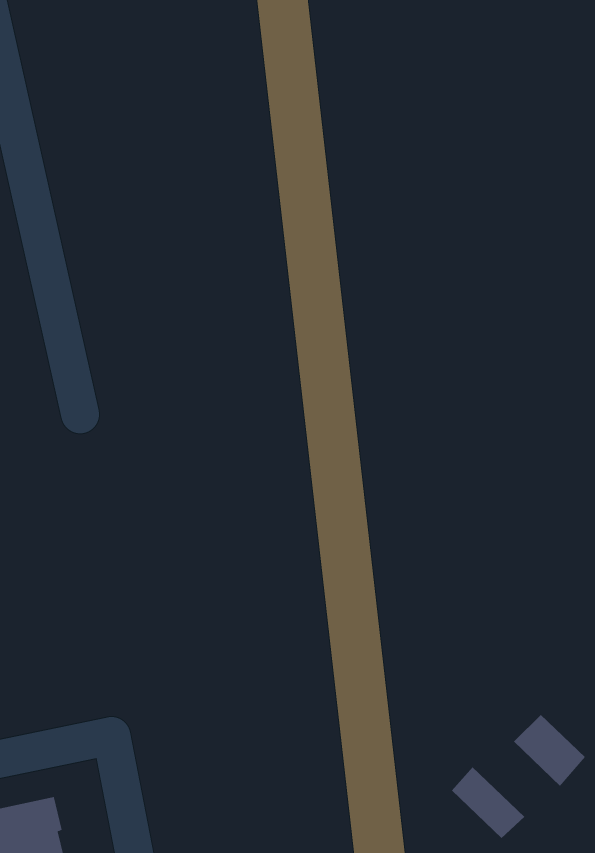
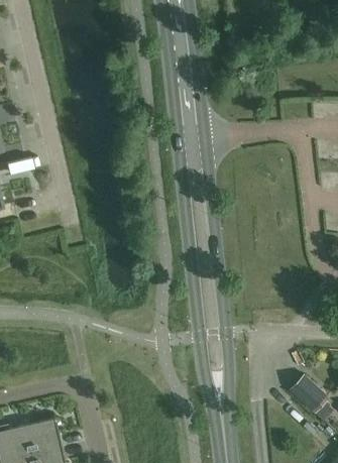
building: [451,767,525,839] -> none

